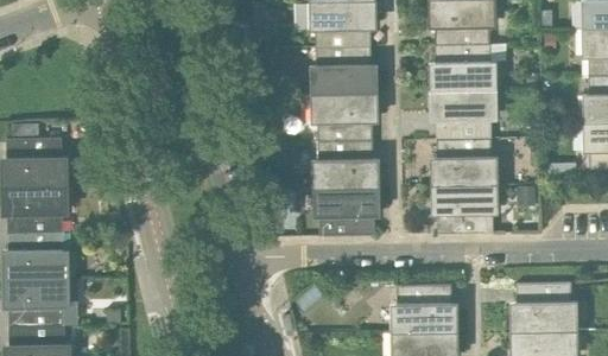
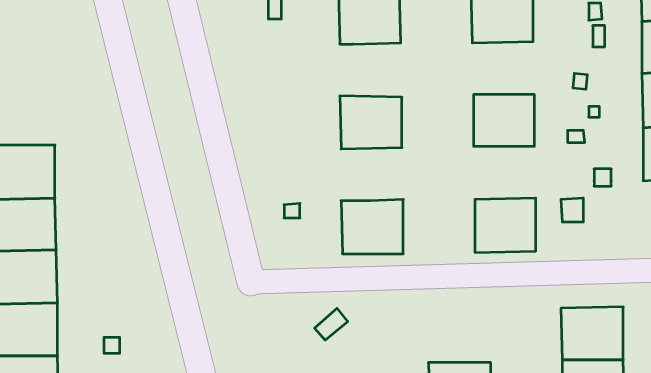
building: [436,43,492,90] -> none
building: [317,44,373,93] -> none
building: [437,136,493,184] -> none
building: [318,138,374,185] -> none
building: [397,281,452,330] -> none

